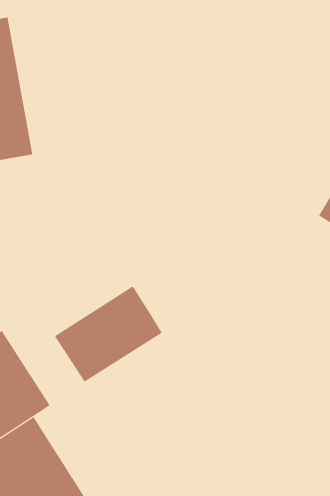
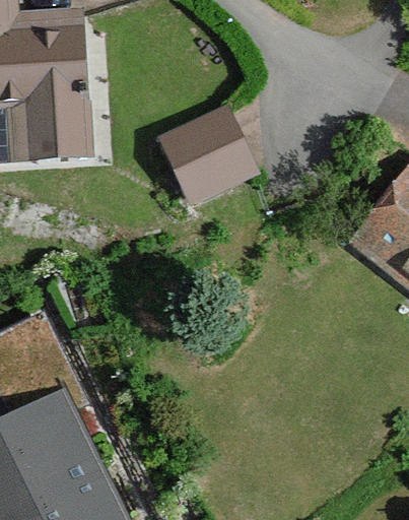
building: none -> [169,114,250,198]
building: [54,286,162,382] -> none

